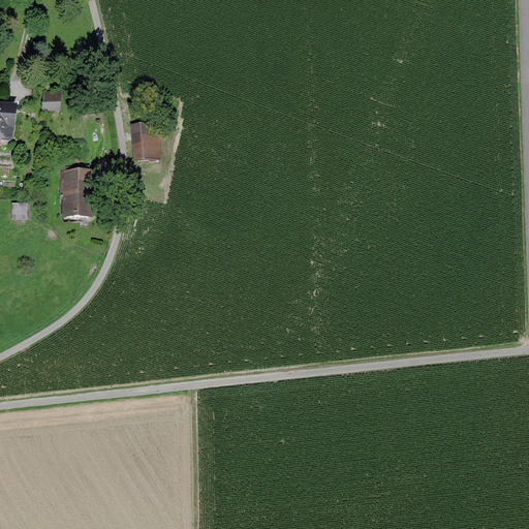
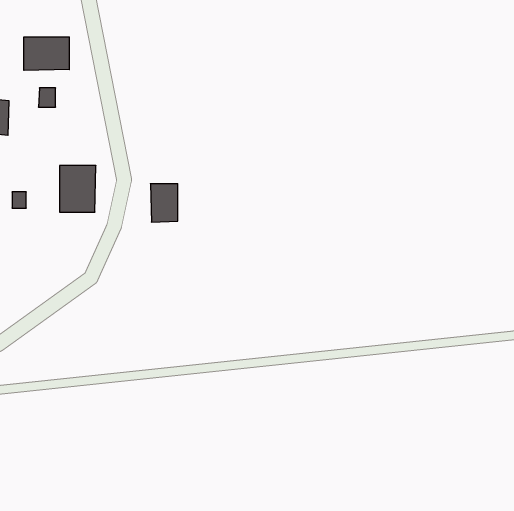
building: none -> [24,37,69,70]
building: [130,121,158,160] -> [150,184,178,222]

